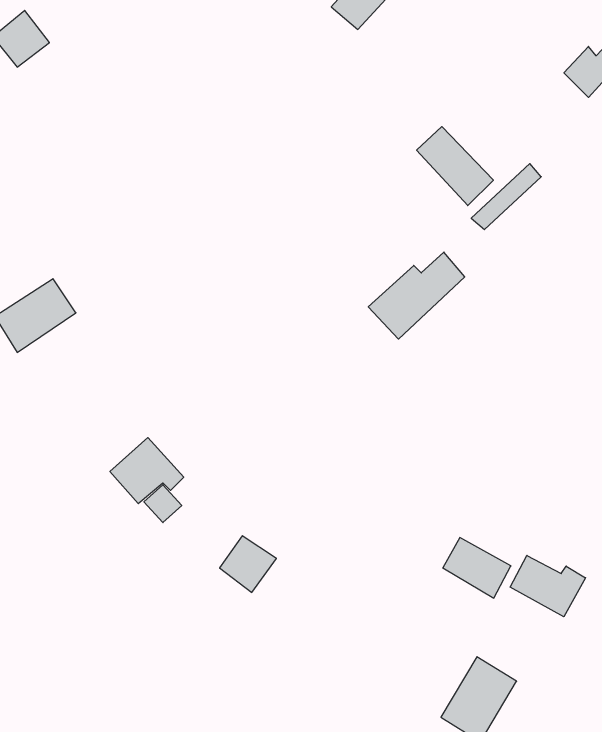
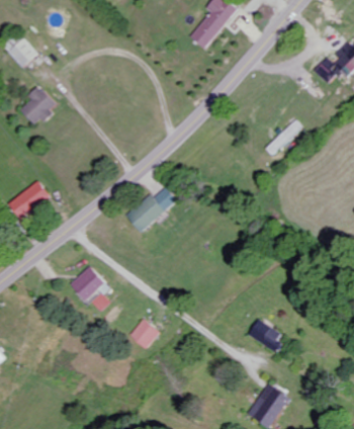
building: none -> [19,86,56,124]
building: [417,127,493,206] -> none
building: [368,252,465,339] -> [125,186,177,233]
building: [510,555,586,617] -> none

